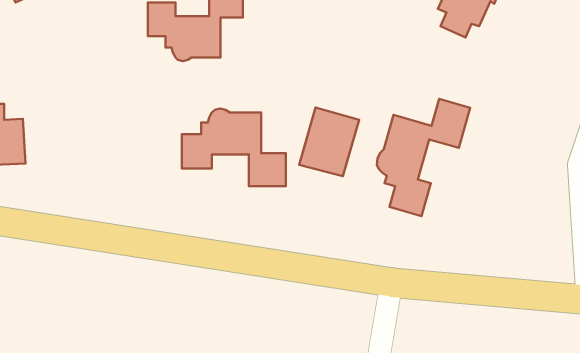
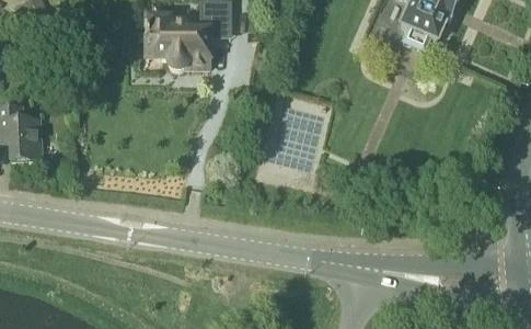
building: [377,99,470,216] -> none
building: [182,109,286,186] -> none

